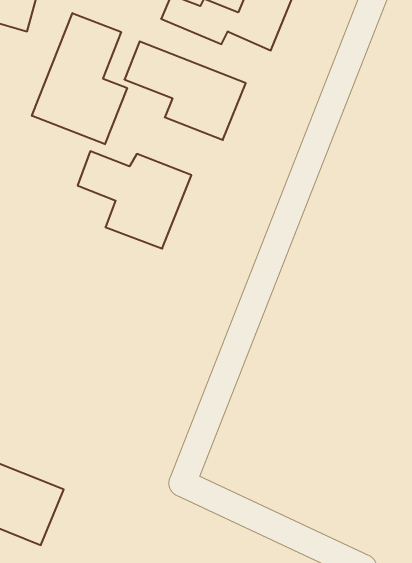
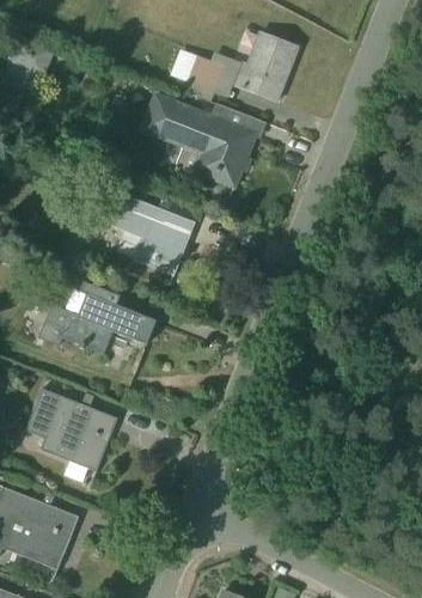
building: [32,13,127,144] -> none
building: none -> [41,277,154,354]
building: none -> [29,389,120,471]

